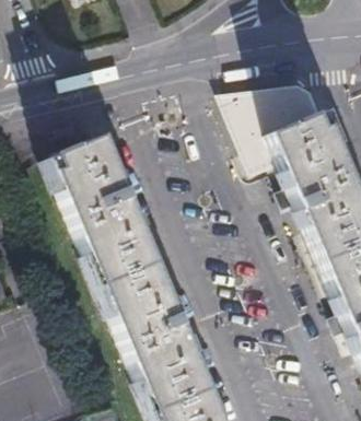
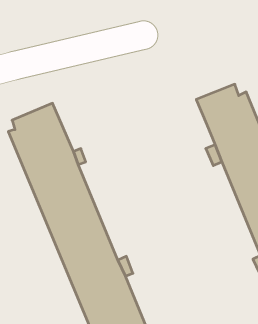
building: [207,74,317,167] -> none

